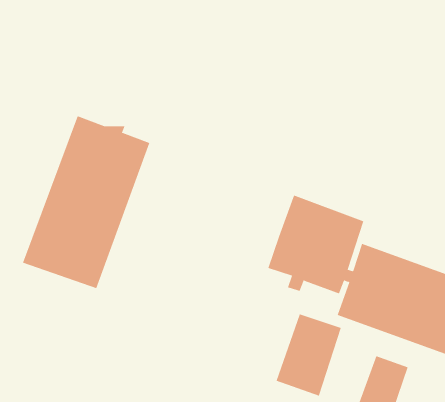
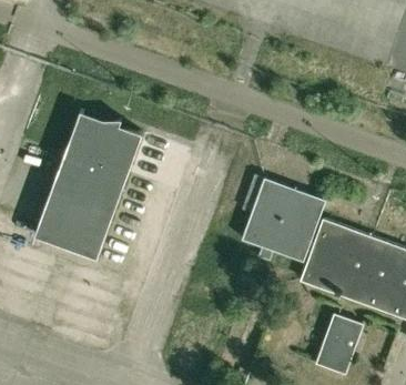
building: [276,314,342,396] -> none

